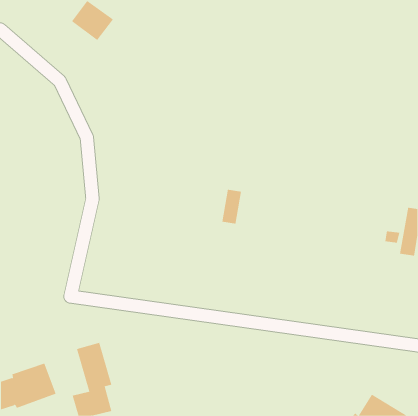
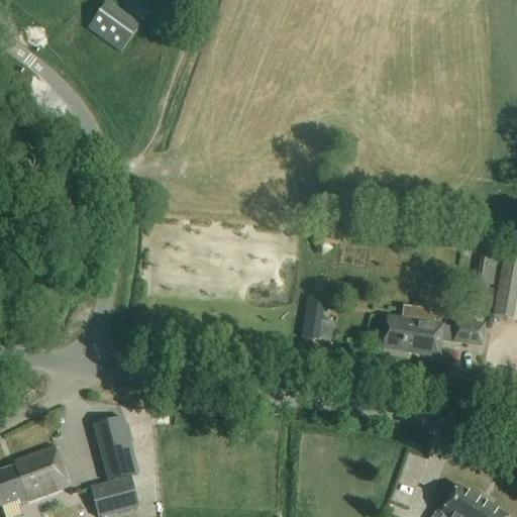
building: [222,189,242,224] -> [300,297,325,340]
building: none -> [385,306,485,355]

